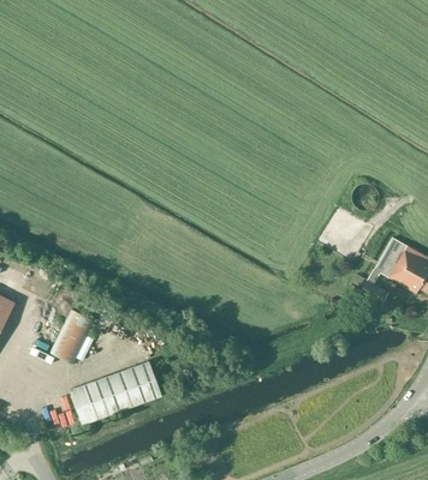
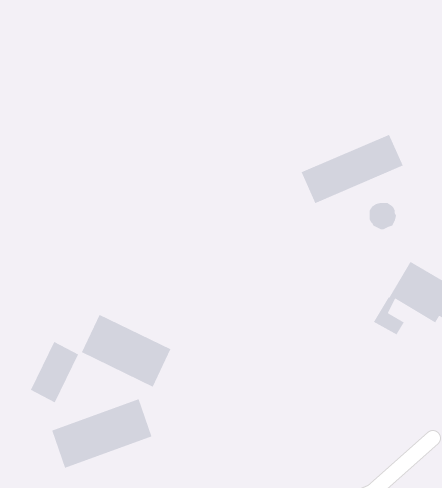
building: none -> [300,134,404,204]
building: none -> [81,314,172,388]

